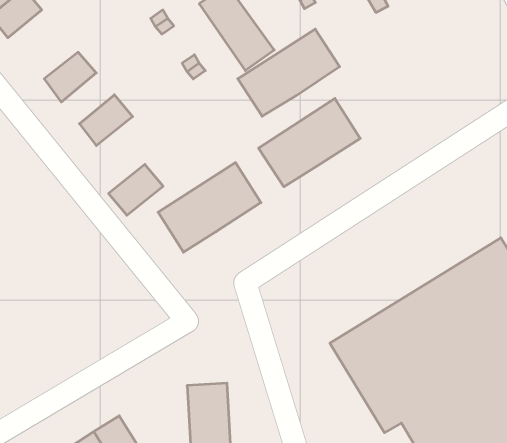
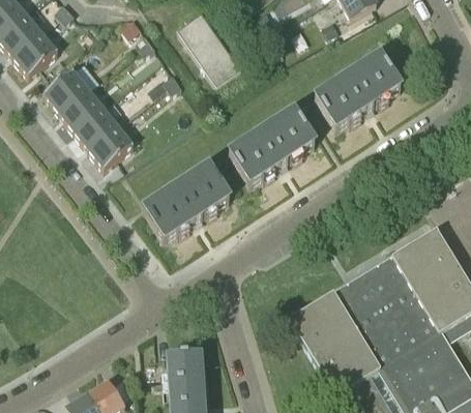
building: none -> [13,32,58,73]
building: [238,29,340,116] -> [314,53,401,127]
building: none -> [59,86,105,129]
building: [109,164,163,215] -> [89,123,136,167]

